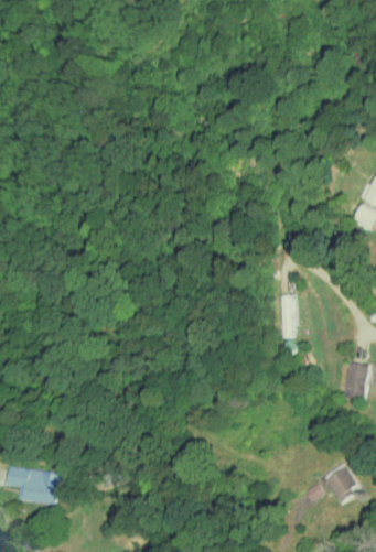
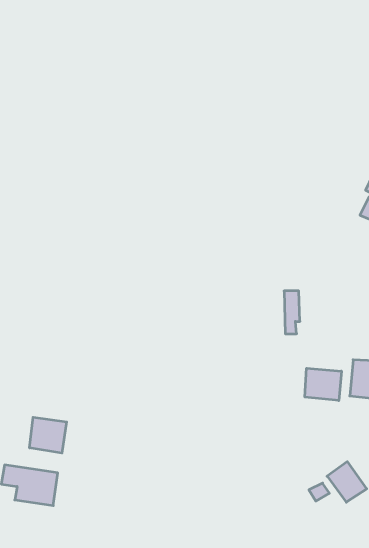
building: none -> [305,368,341,401]
building: none -> [30,417,67,453]

